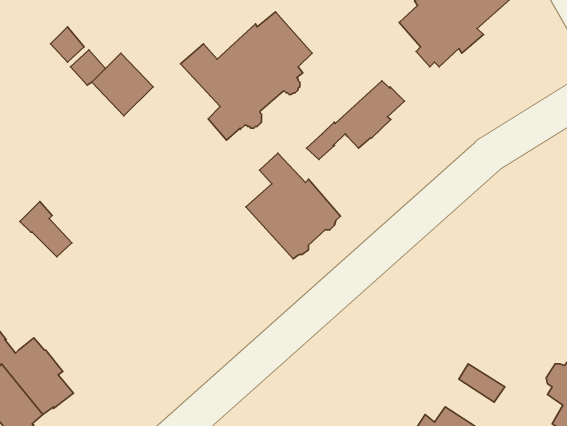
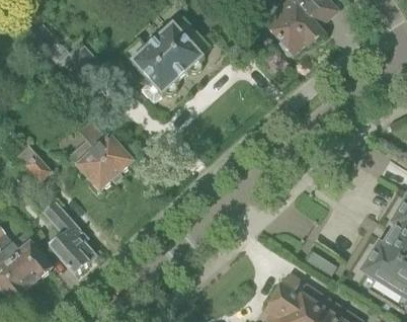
building: [307,81,405,160] -> none
building: [246,153,341,259] -> [68,118,131,188]
building: none -> [32,188,96,273]

